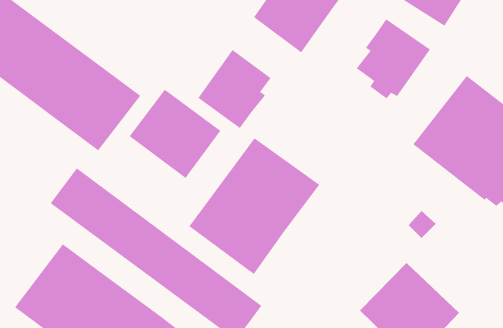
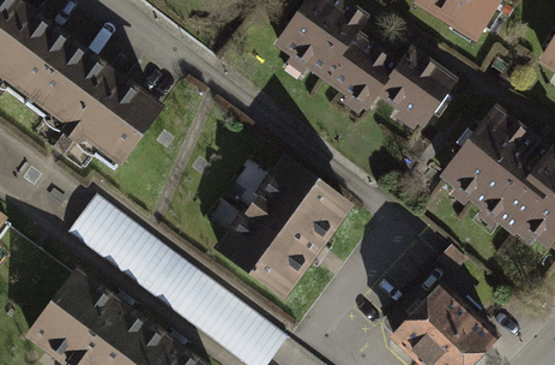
building: [198,49,271,129] -> [328,20,405,103]
building: [129,89,221,179] -> none

